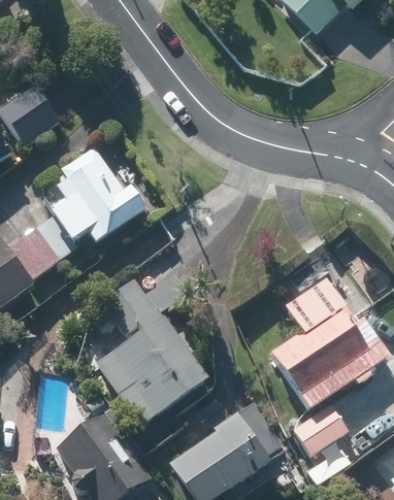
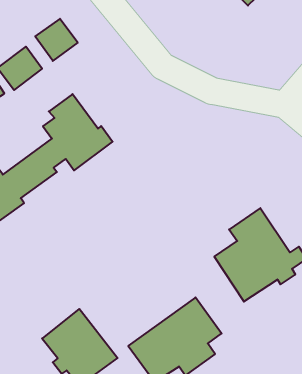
building: none -> [35,19,78,61]
building: [92,285,208,428] -> none
building: [290,404,347,458] -> none

